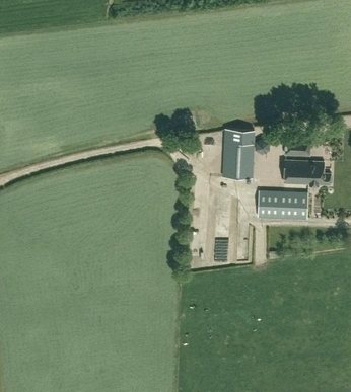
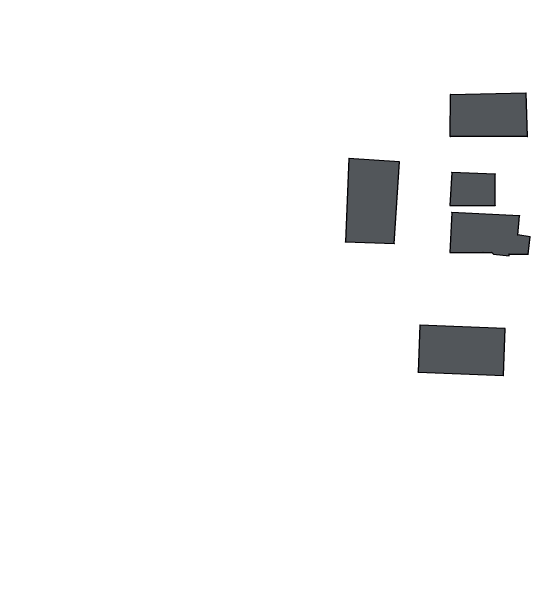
building: none -> [450,93,527,137]
building: [258,190,308,220] -> [418,325,505,376]

